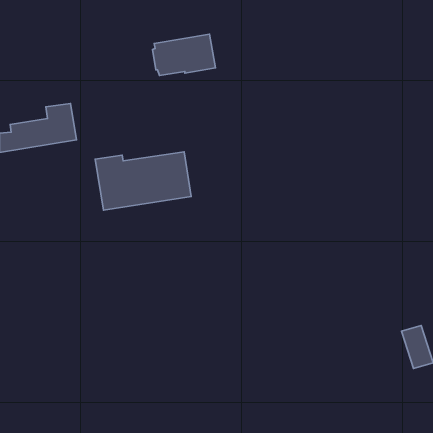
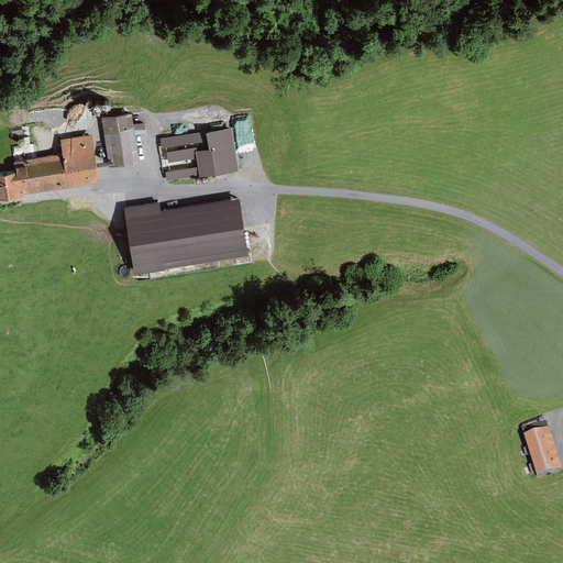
building: [153,34,215,76] -> [157,126,239,180]
building: none -> [101,113,145,166]

